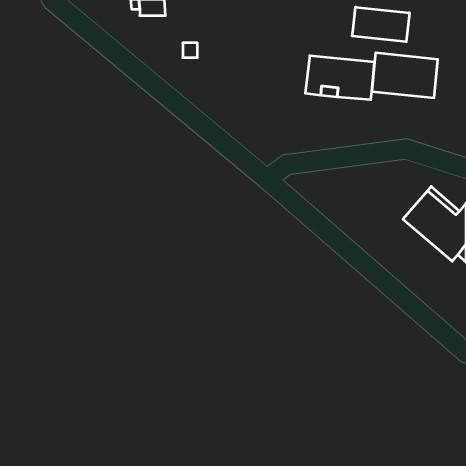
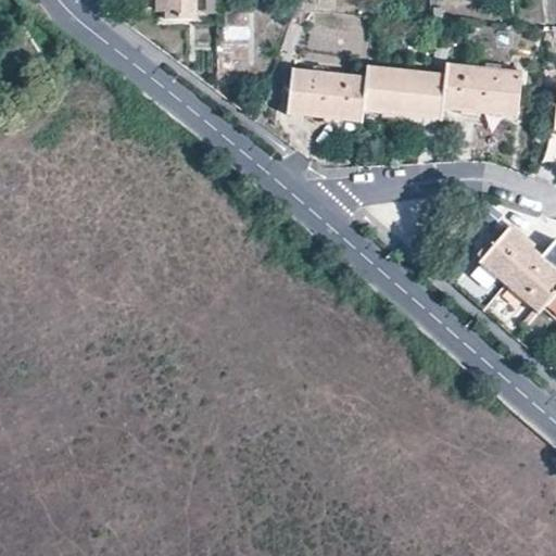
building: [352,7,409,42] -> none
building: none -> [288,67,367,122]

